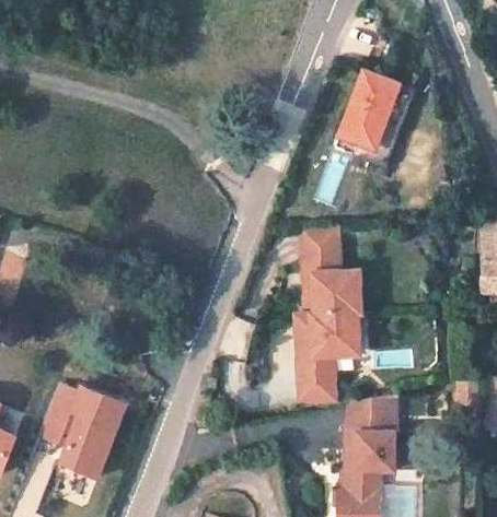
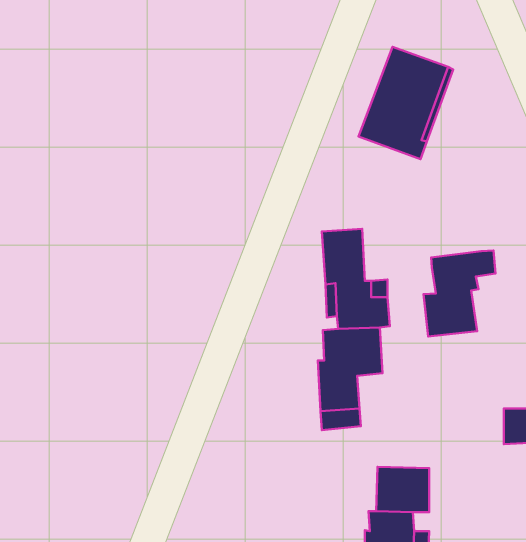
building: none -> [424,250,495,336]
building: [41,385,127,480] -> none
building: [348,395,393,434] -> none

